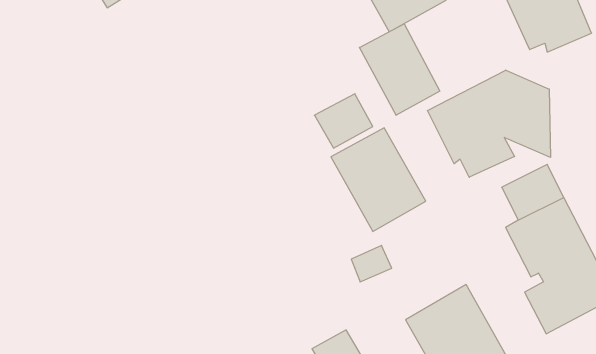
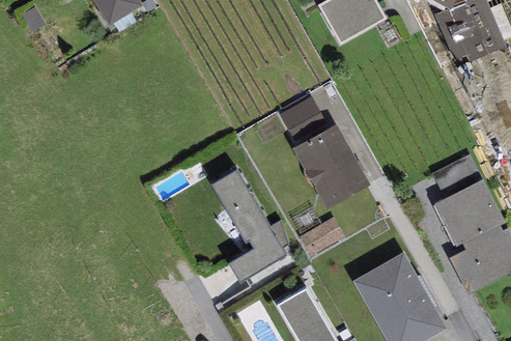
building: [359,24,440,115] -> none
building: [427,70,550,177] -> none
building: none -> [212,170,286,285]

